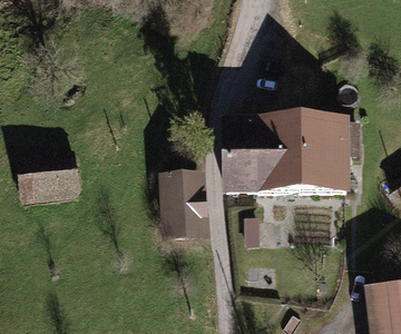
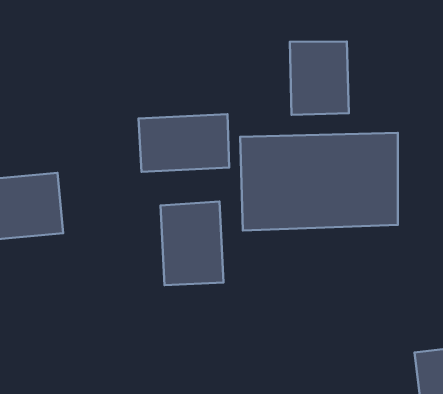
building: none -> [290,41,349,115]
building: none -> [139,114,229,172]

